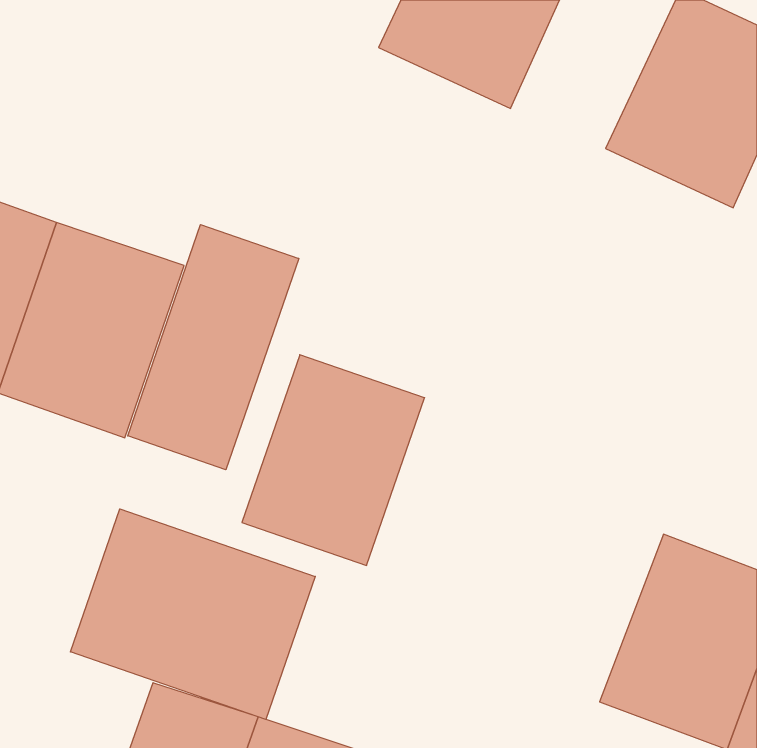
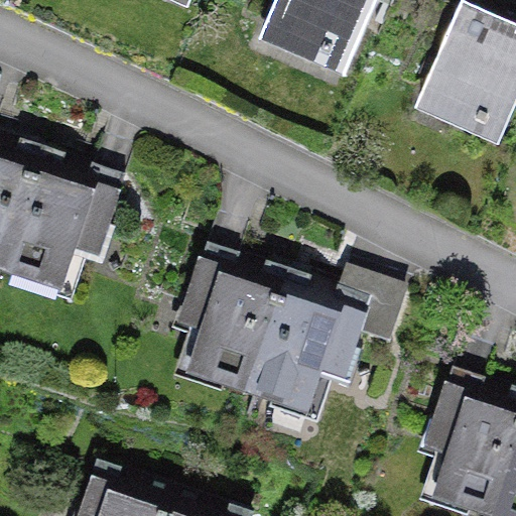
building: [128,225,299,470] -> none
building: none -> [249,277,381,422]
building: [70,509,315,719] -> none

